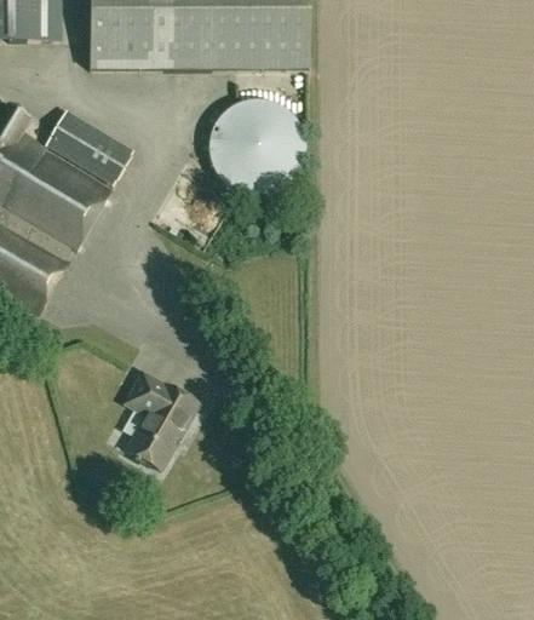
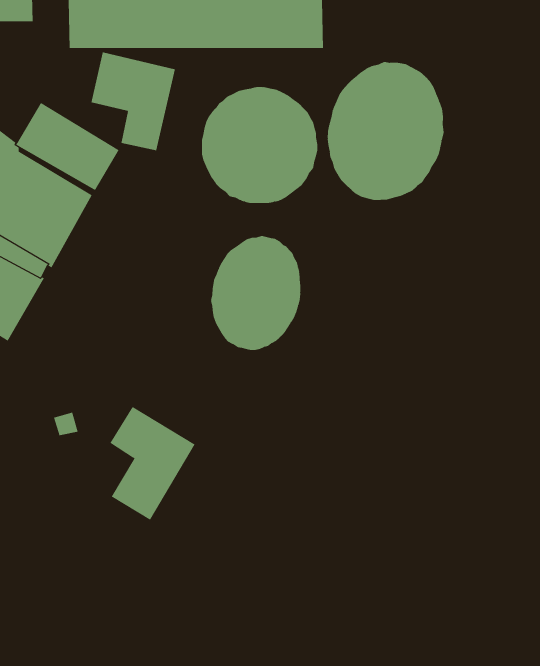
building: none -> [91,51,176,151]
building: none -> [327,61,444,201]
building: none -> [211,235,301,351]

